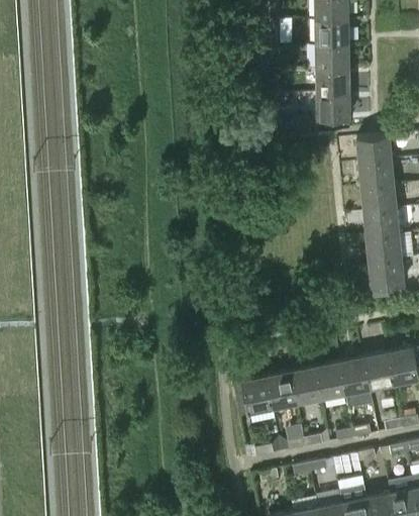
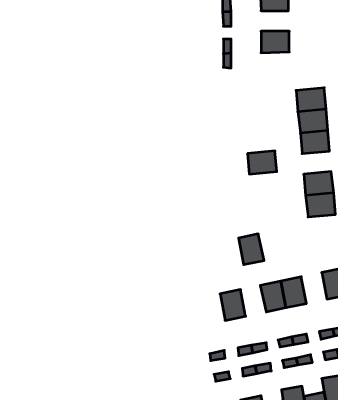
building: [315,44,348,69] -> none
building: [315,93,348,119] -> none
building: [363,210,398,237] -> [248,151,277,174]
building: [362,353,393,390] -> none
building: [291,369,321,405] -> [239,234,264,265]
building: [241,379,273,415] -> none

